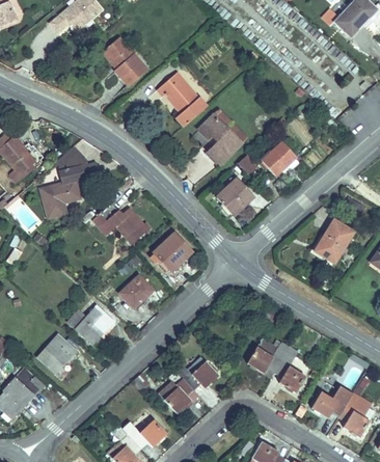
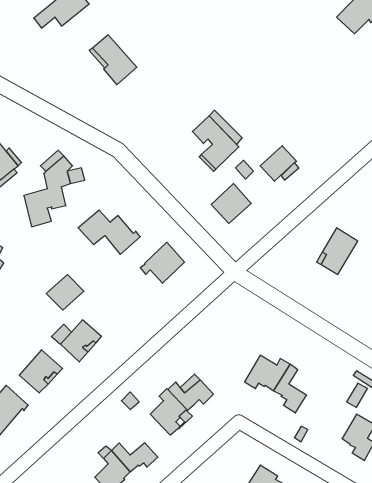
building: [158,72,207,127] -> none
building: [118,275,154,308] -> [46,275,84,310]
building: [310,385,352,417] -> none

